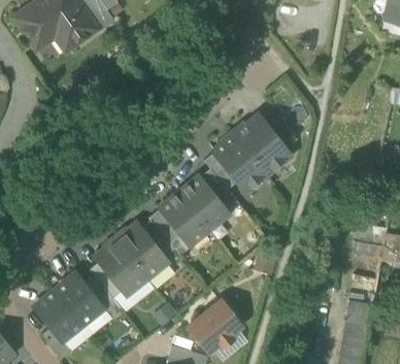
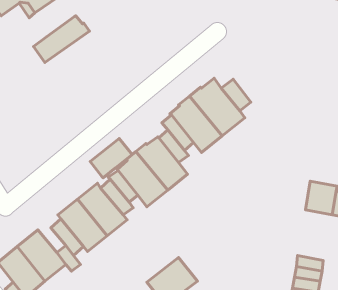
building: none -> [33,16,90,62]
building: none -> [90,138,132,178]

